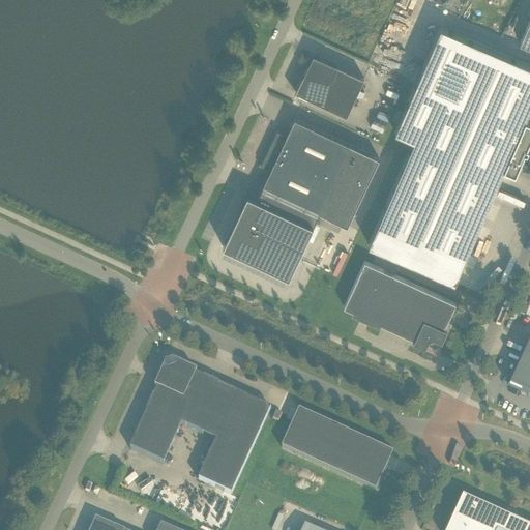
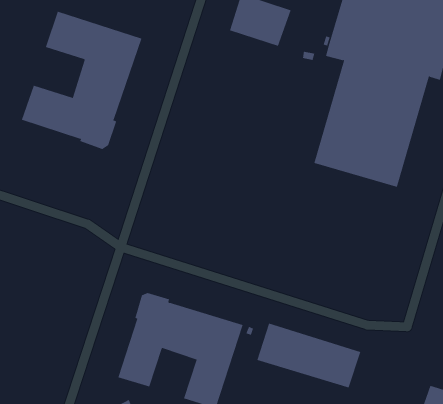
building: none -> [21,11,142,150]
building: [224,118,380,276] -> none
building: [345,261,457,348] -> none

